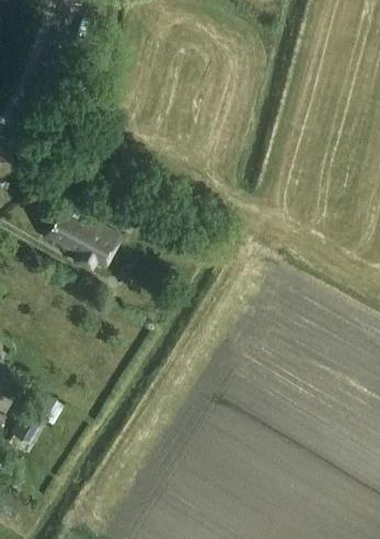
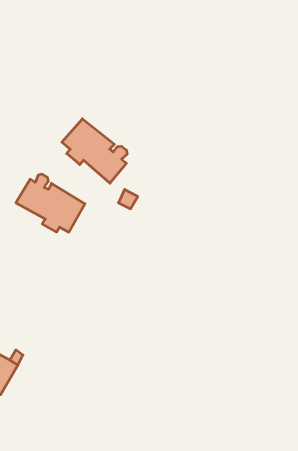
building: none -> [62,119,127,183]

